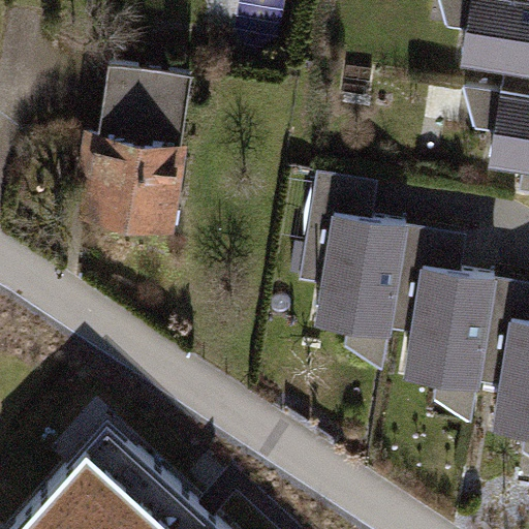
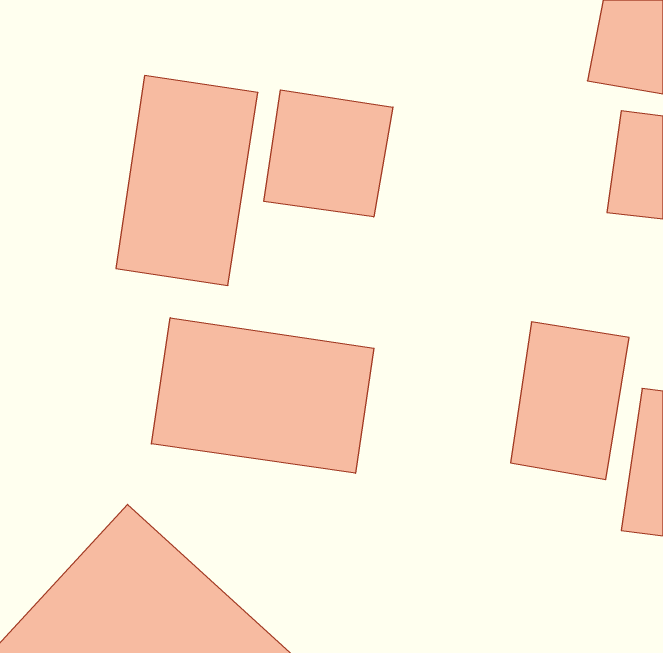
building: none -> [264,90,393,217]
building: [317,213,410,336] -> none
building: none -> [151,318,374,473]

